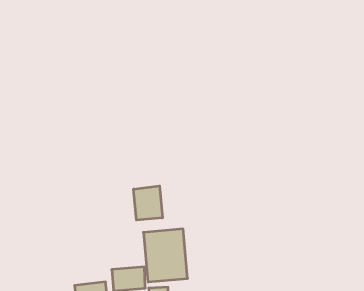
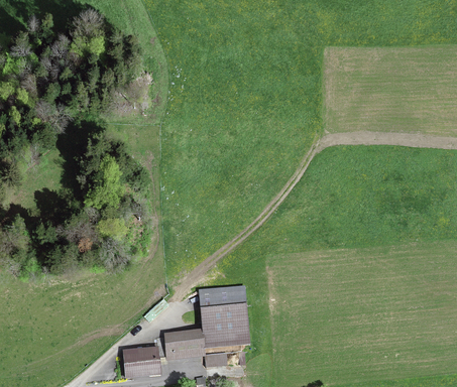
building: [134,186,162,220] -> none

